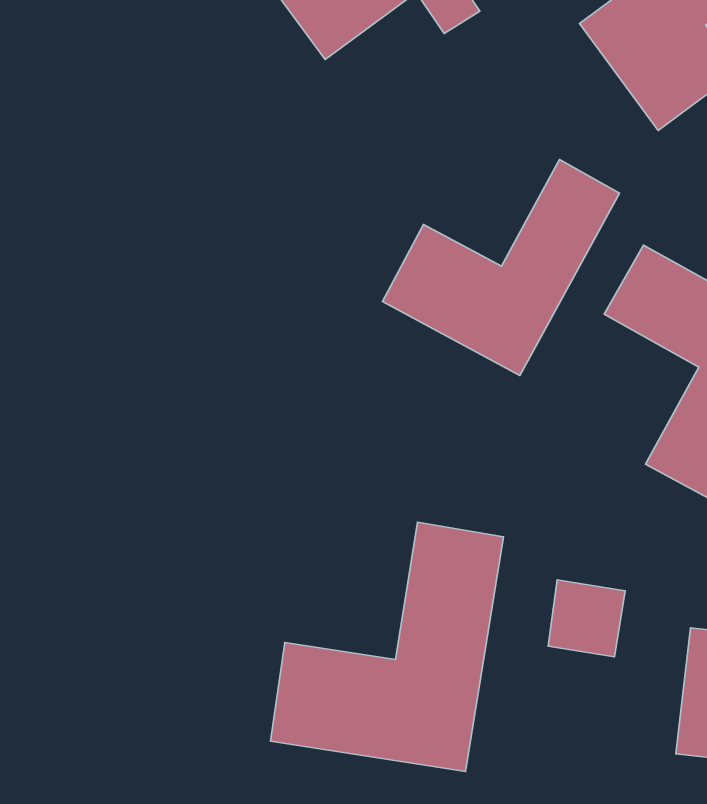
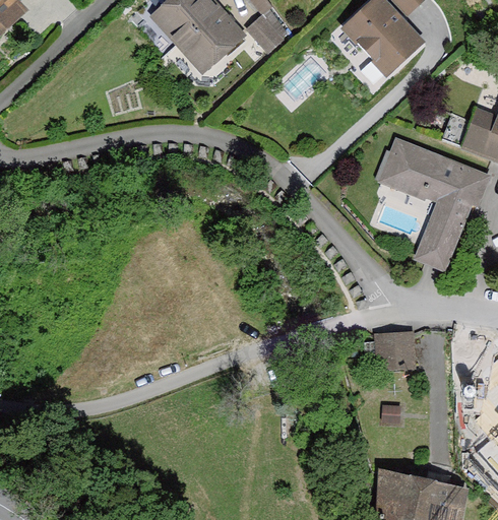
building: [383,160,620,375] -> none
building: [270,522,503,771] -> none

